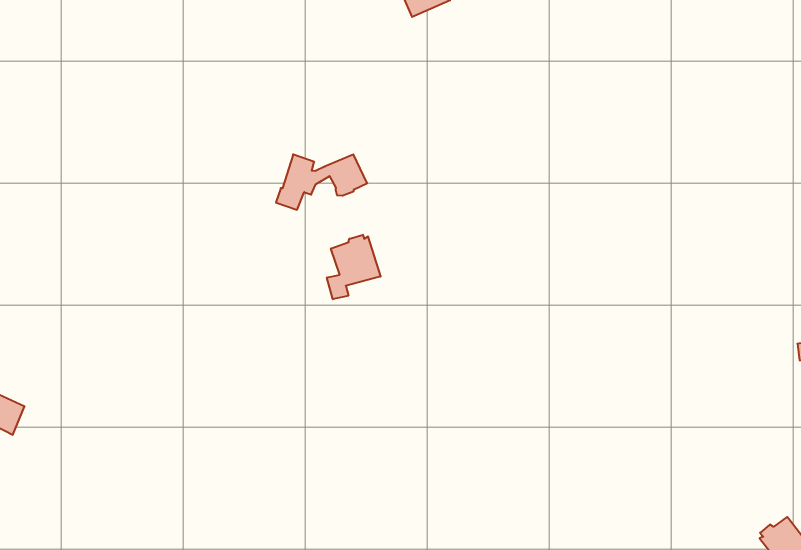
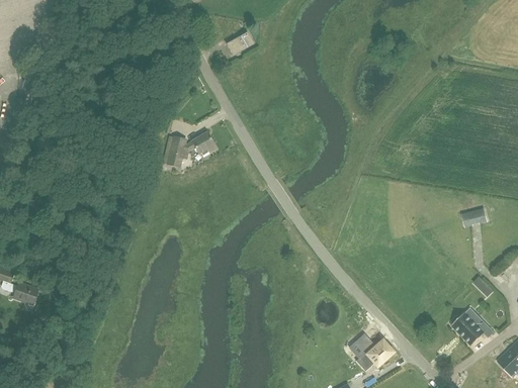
building: [327,235,381,299] -> none

